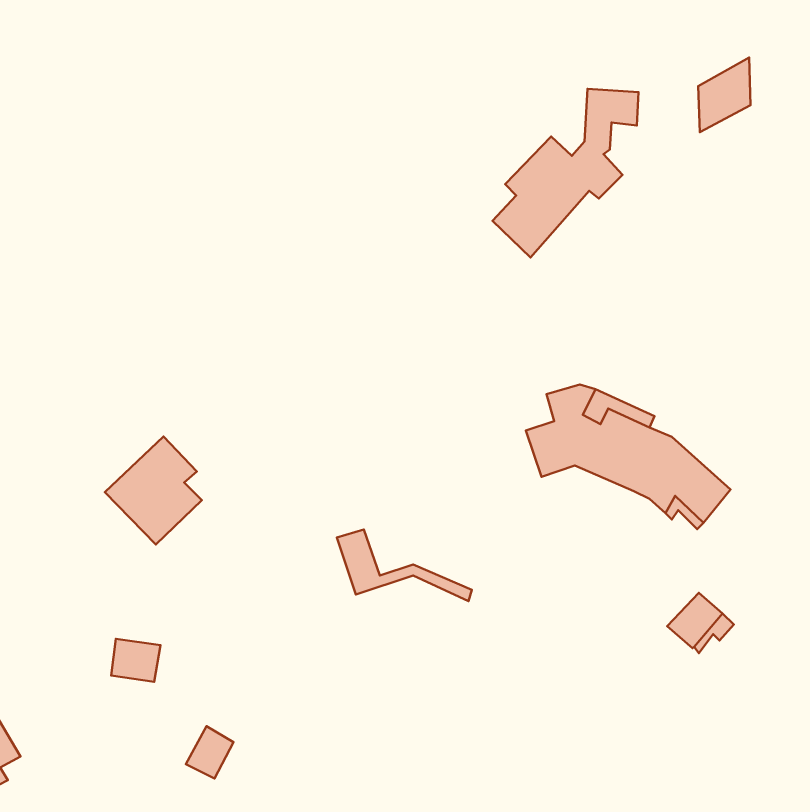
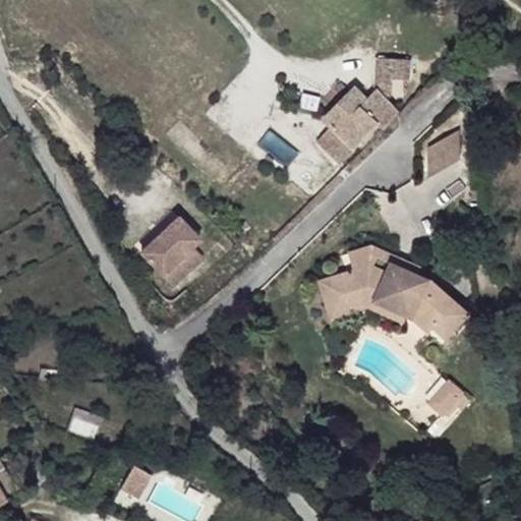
building: [698,57,751,132] -> [426,129,460,177]
building: [105,436,202,545] -> [140,217,202,286]
building: [337,530,472,601] -> [320,276,406,322]

